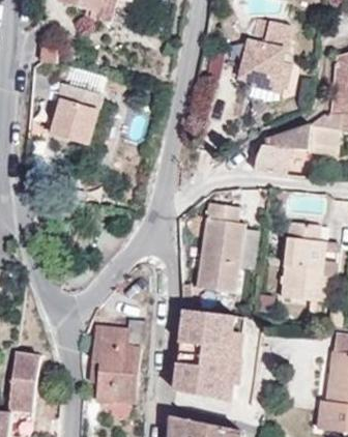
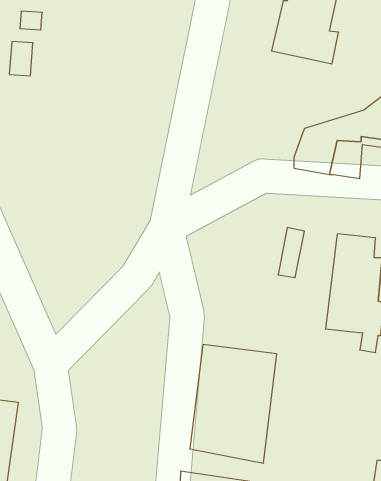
building: [52,83,103,144] -> none
building: [197,203,245,293] -> none
building: [92,321,147,405] -> none

